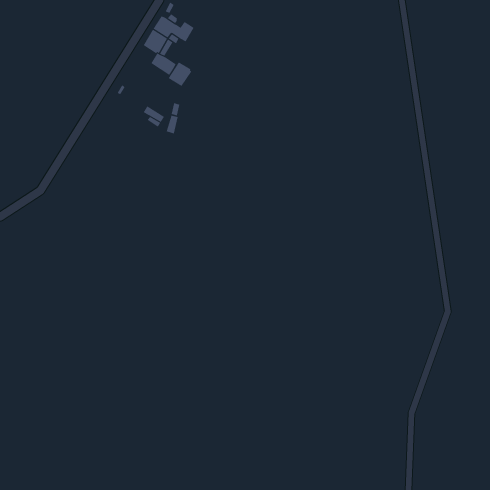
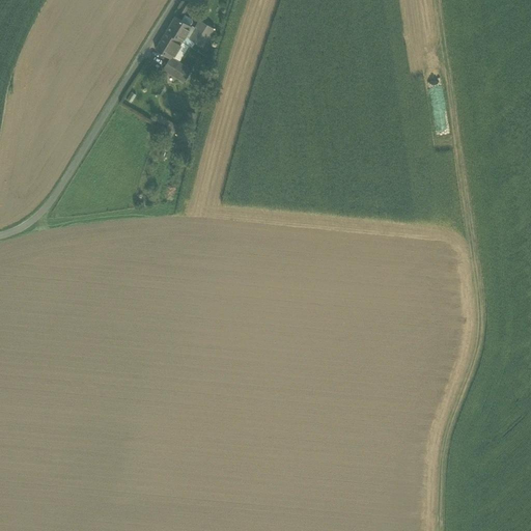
building: [168,62,192,87] -> none

